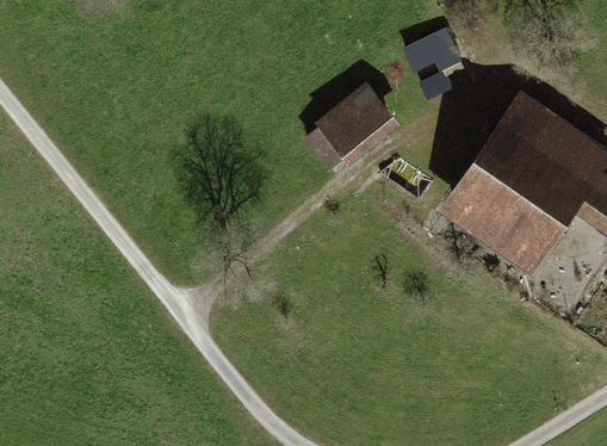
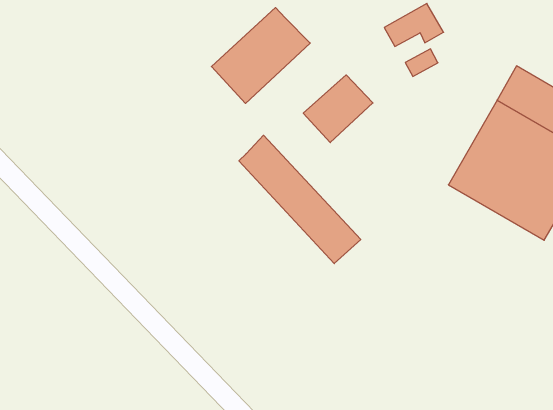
building: none -> [211,8,310,103]
building: none -> [239,135,361,264]

